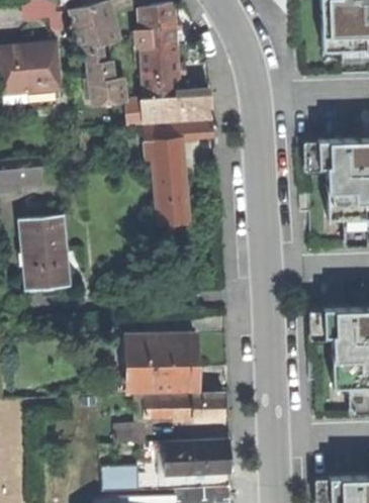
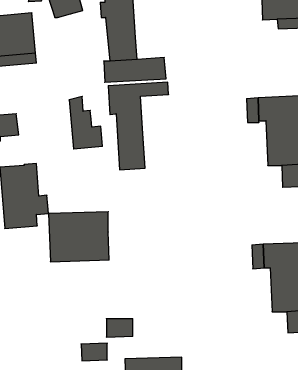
building: [86,43,124,104] -> [69,96,102,149]
building: [126,333,196,391] -> [49,212,109,262]
building: [173,395,223,421] -> none

